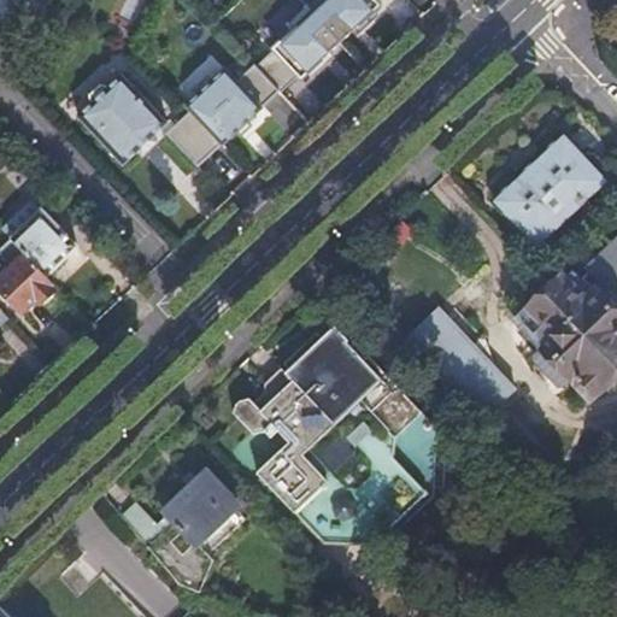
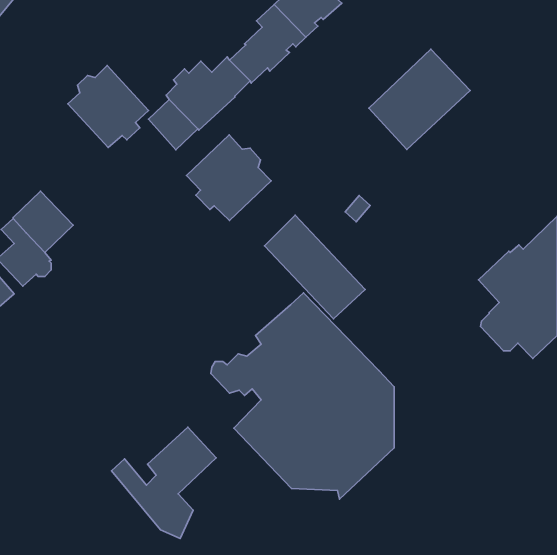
building: [494,133,606,243] -> [369,49,470,150]
building: none -> [187,135,271,220]
building: [400,301,511,416] -> [265,215,365,319]

